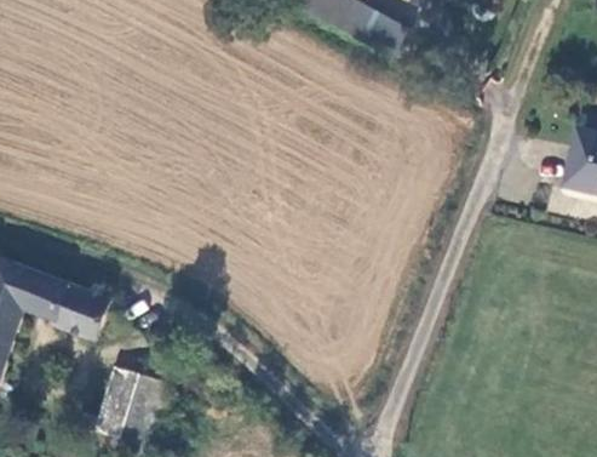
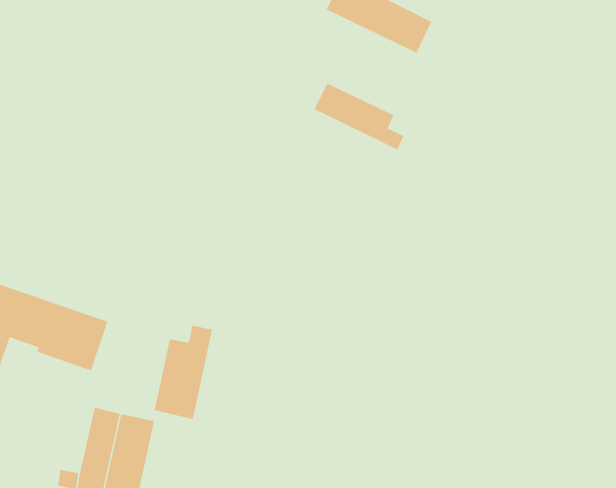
building: none -> [314,83,404,150]
building: none -> [154,325,213,420]

